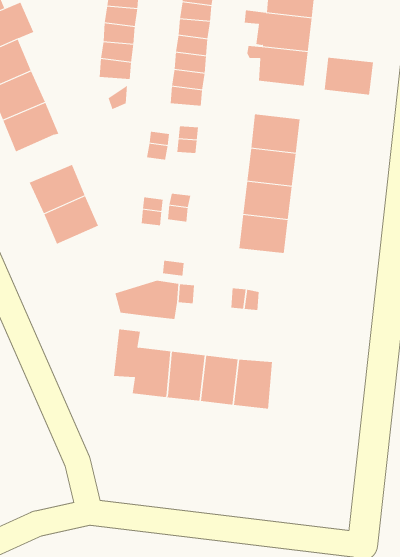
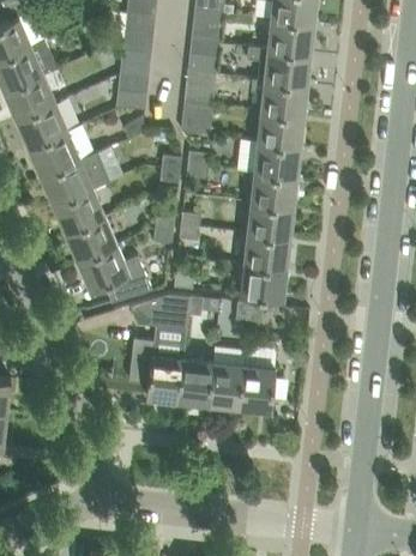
building: [324,57,374,95] -> [258,113,303,147]
building: none -> [41,153,110,205]
building: none -> [78,244,152,303]
building: none -> [240,265,285,301]

